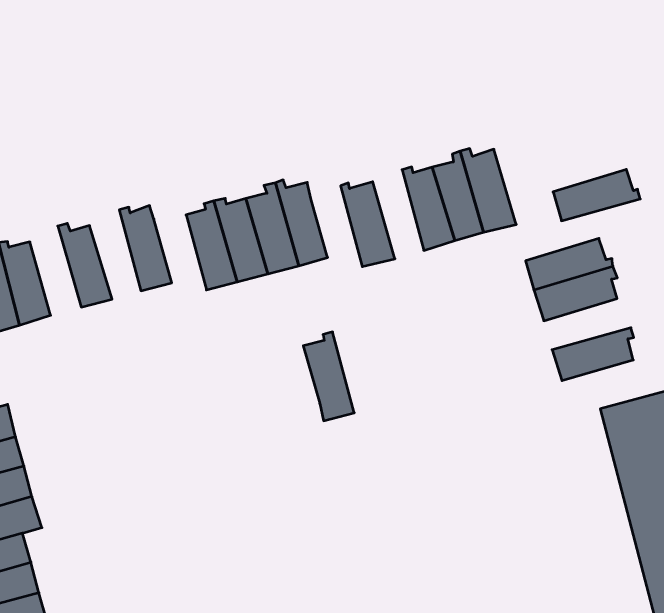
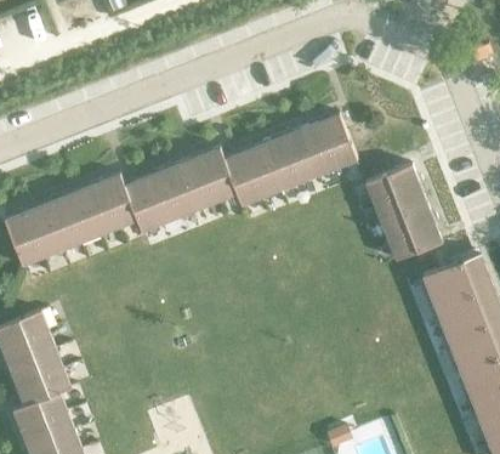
building: [553,169,640,221] -> [381,203,438,240]
building: none -> [261,134,299,192]
building: none -> [80,178,118,237]
building: none -> [121,177,160,233]
building: none -> [42,193,80,251]
building: [303,332,354,421] -> [222,148,260,206]

